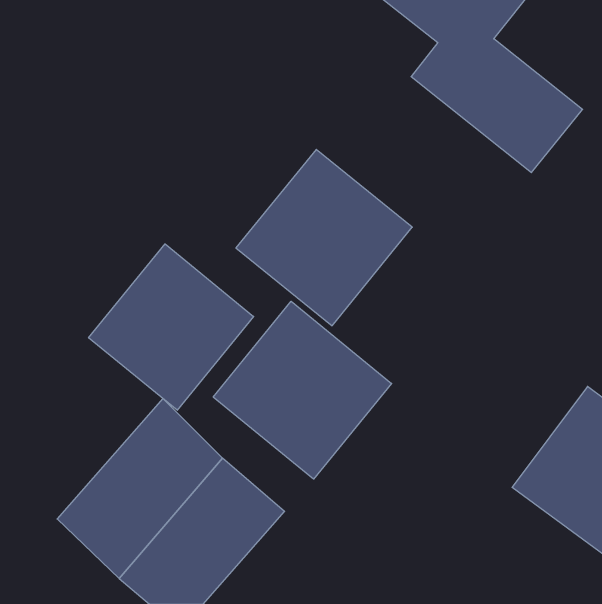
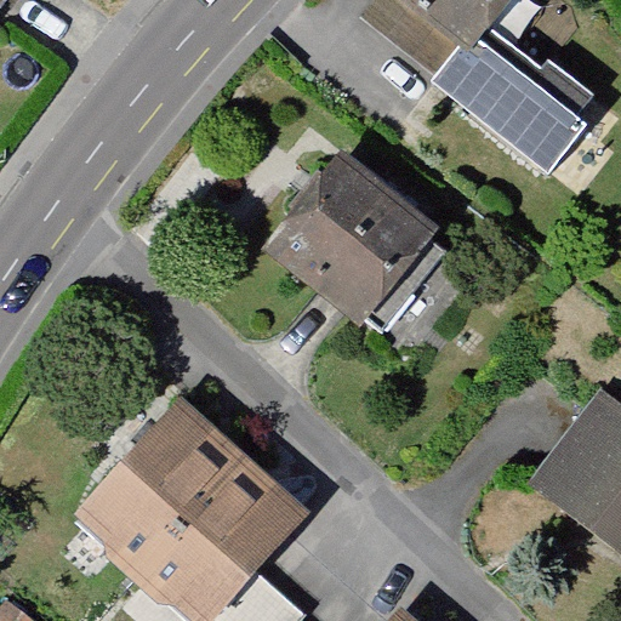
building: [89,244,254,410] -> none
building: [213,301,392,479] -> none

